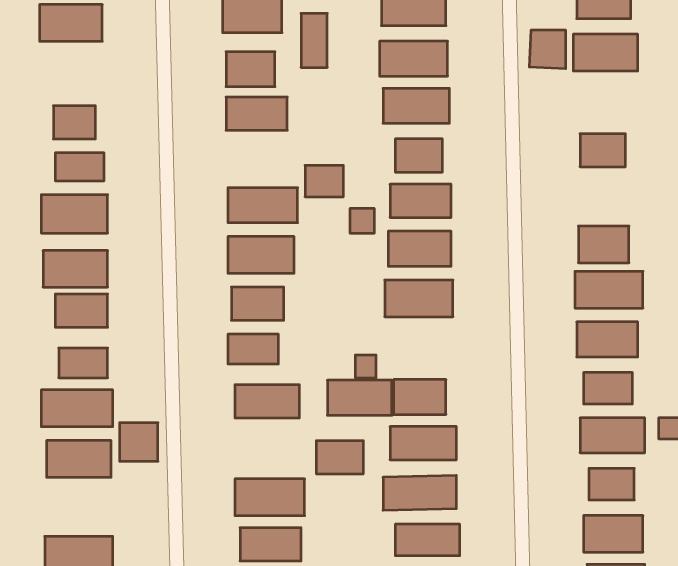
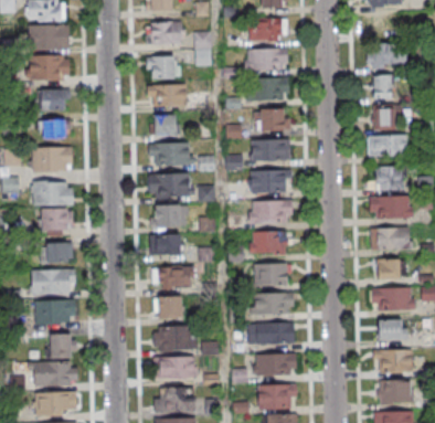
building: [529,30,566,69] -> [370,76,393,101]
building: none -> [29,56,70,81]
building: [305,165,343,197] -> [151,115,176,135]
building: none -> [369,137,409,158]
building: [327,380,392,415] -> [251,232,291,254]
building: [120,423,158,461] -> [49,336,73,360]
building: [316,441,363,474] -> [155,297,184,318]

